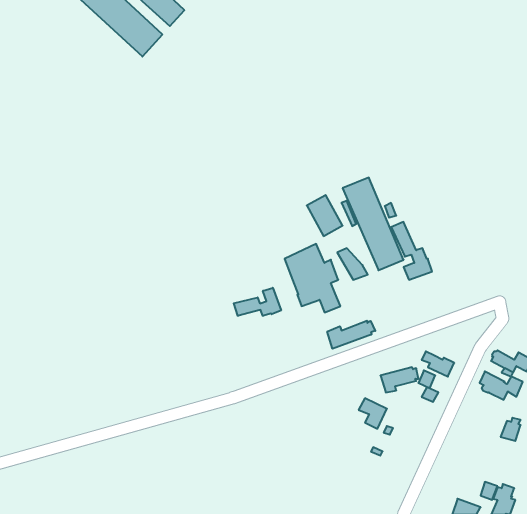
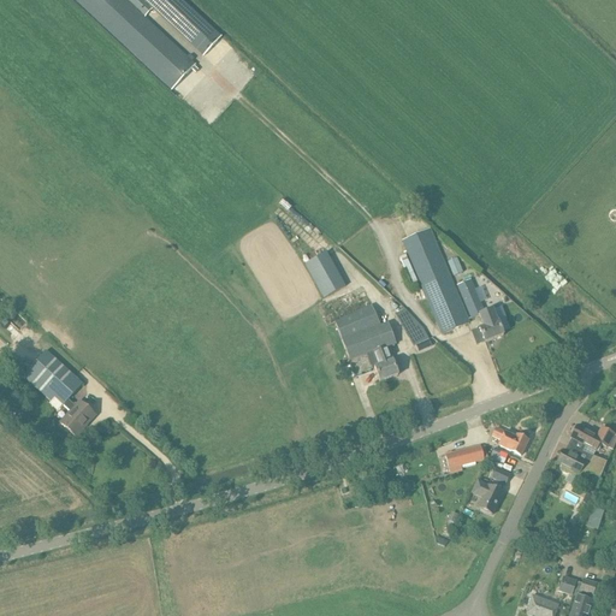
building: [307,195,343,236] -> [304,249,345,296]
building: none -> [23,349,95,434]
building: [234,288,281,316] -> none
building: [327,321,375,349] -> none
building: [359,398,387,429] -> [470,478,503,513]

